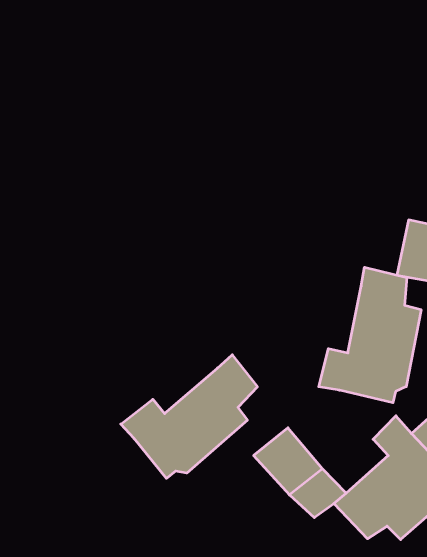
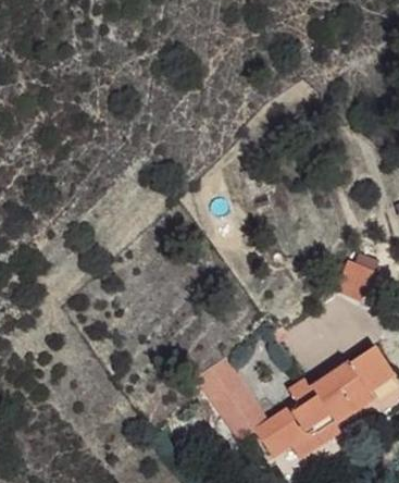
building: [319,267,421,403] -> none
building: [121,355,257,478] -> none

